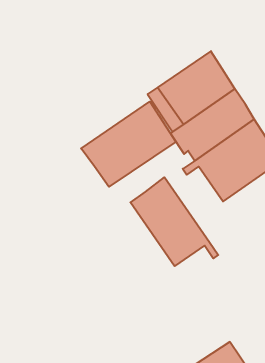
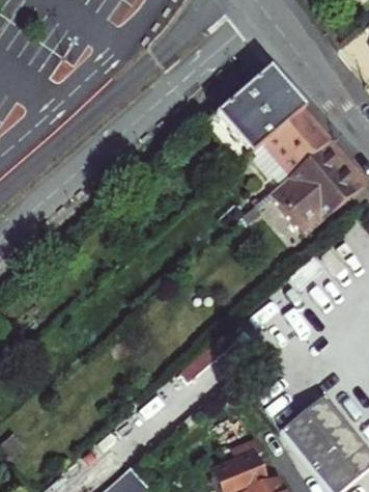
building: [81,102,176,187] -> none
building: [130,177,218,266] -> none

